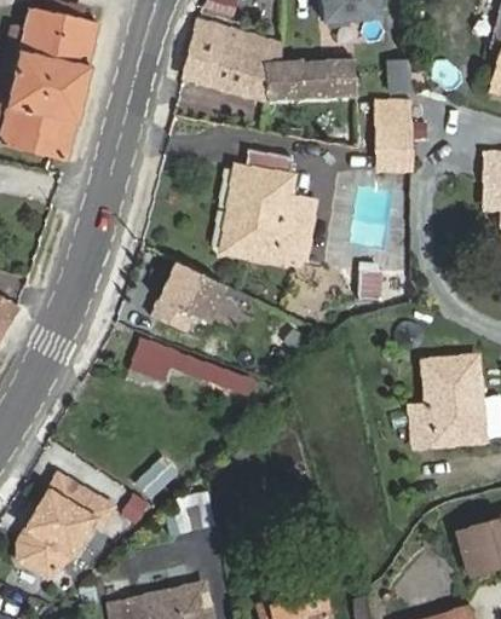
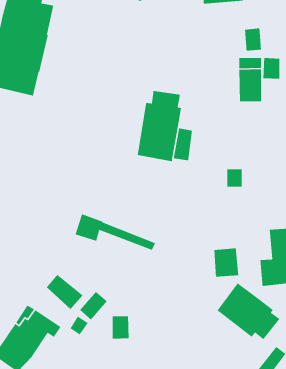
building: [184,22,357,100] -> none
building: [151,261,225,330] -> none
building: none -> [214,248,239,277]
building: none -> [46,274,84,310]
building: none -> [216,282,281,340]

